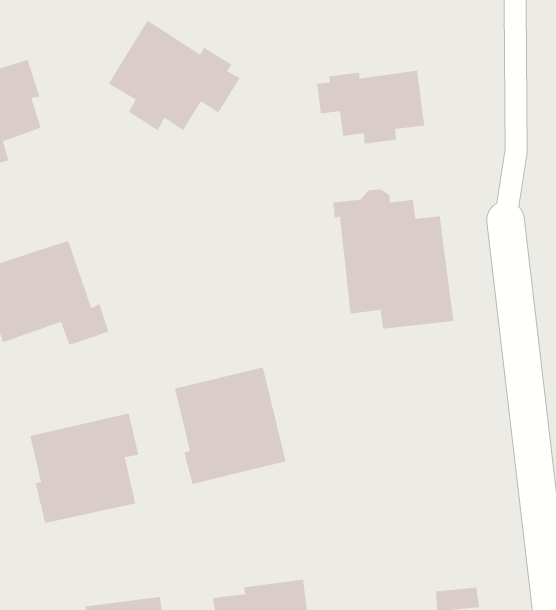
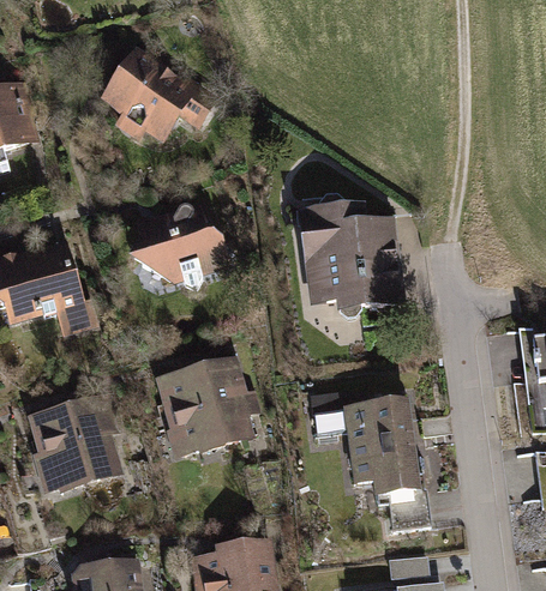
building: [317,70,425,145] -> none
building: none -> [133,194,228,289]
building: none -> [311,403,424,502]

